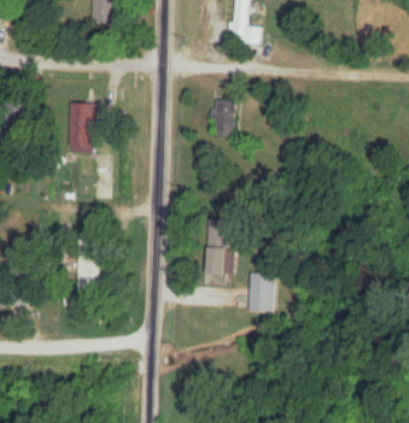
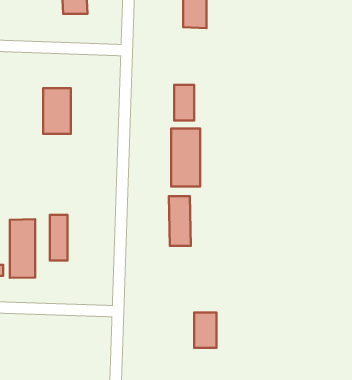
building: none -> [171,128,200,186]
building: none -> [10,219,35,278]
building: [247,272,271,311] -> [194,312,216,348]

